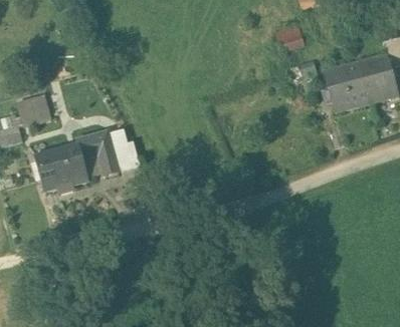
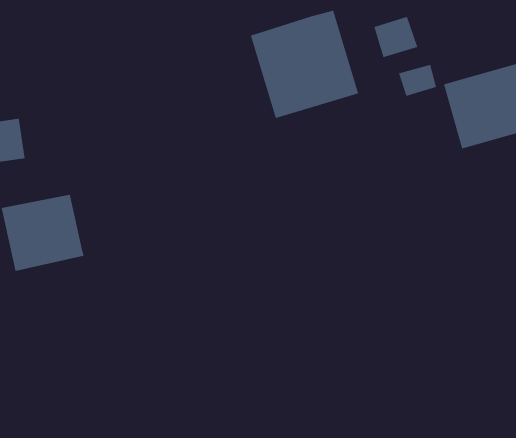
building: none -> [250,10,359,119]
building: [80,128,135,179] -> none

